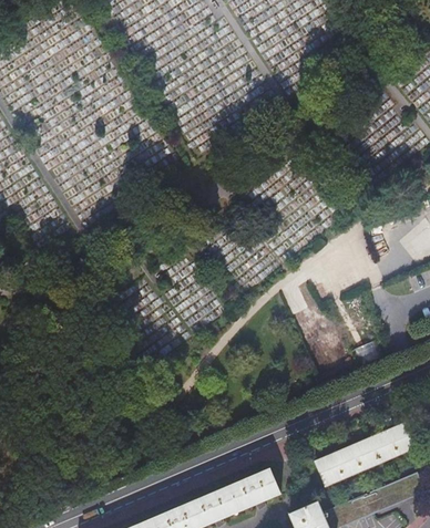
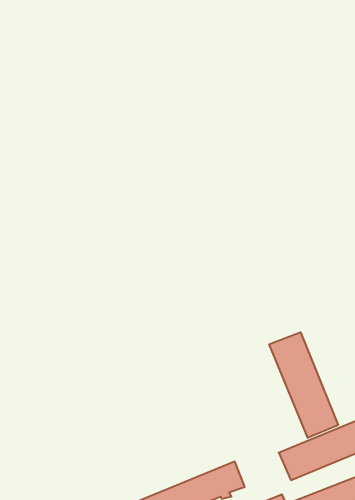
building: none -> [269,332,338,438]

